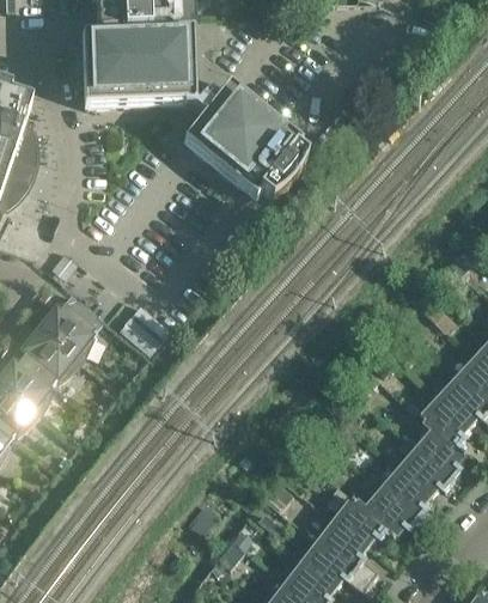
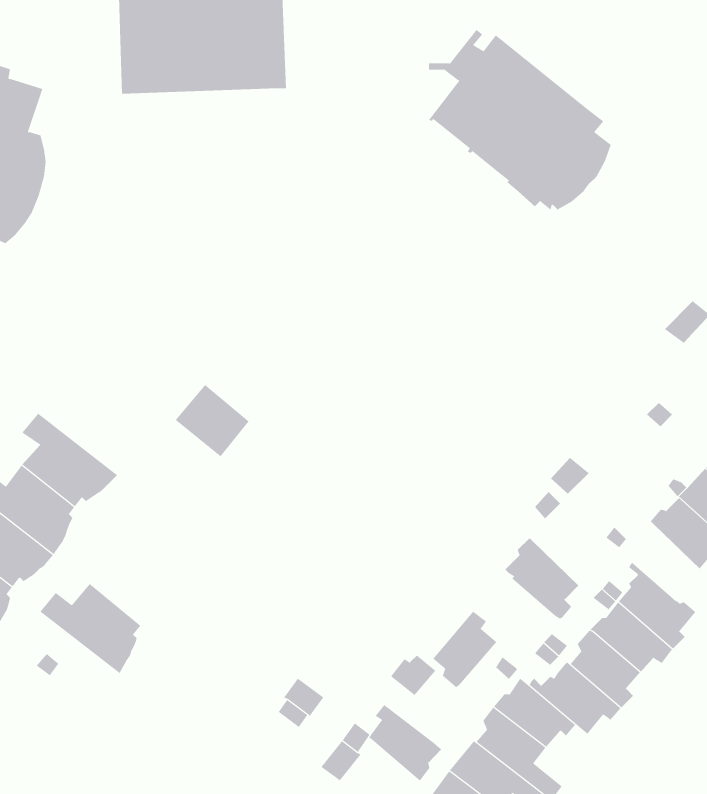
building: [182,78,305,200] -> [428,29,611,211]
building: [26,299,94,360] -> [40,583,141,674]
building: [421,391,471,446] -> [505,537,579,619]
building: none -> [432,611,497,688]
building: none -> [369,695,442,781]

